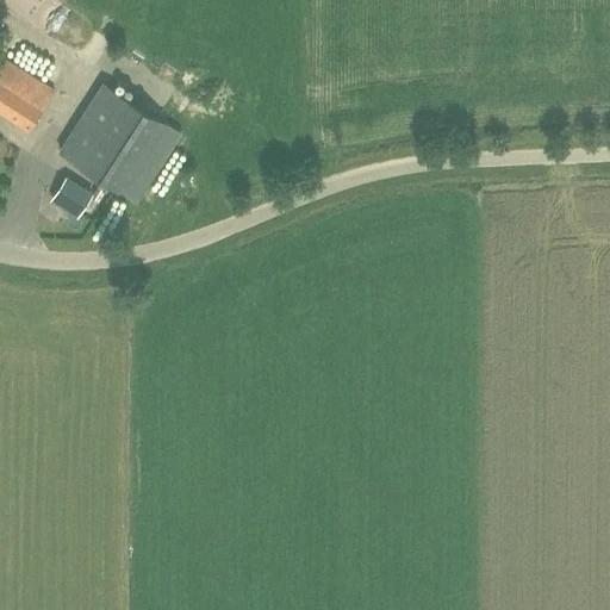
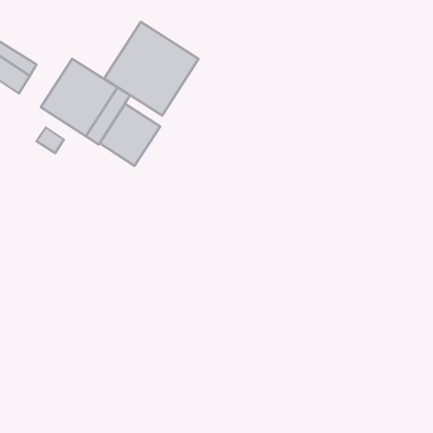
building: none -> [104,22,199,116]
building: none -> [100,104,160,166]

